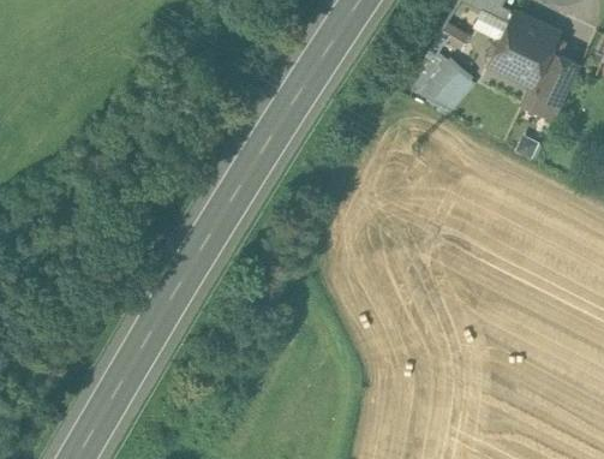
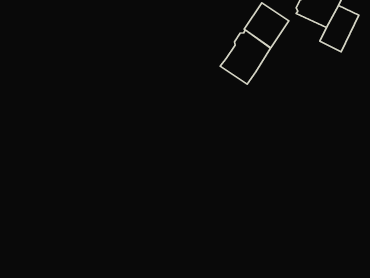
building: none -> [220,30,270,84]

